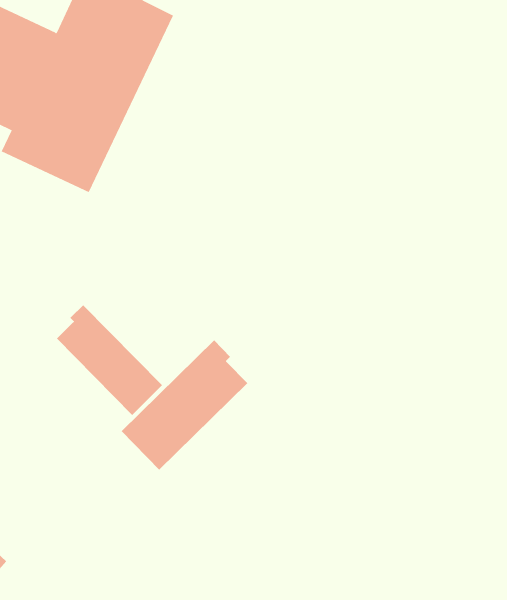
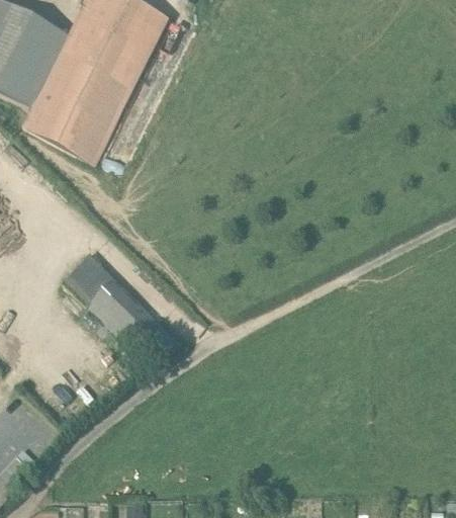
building: [121,340,248,471] -> none

